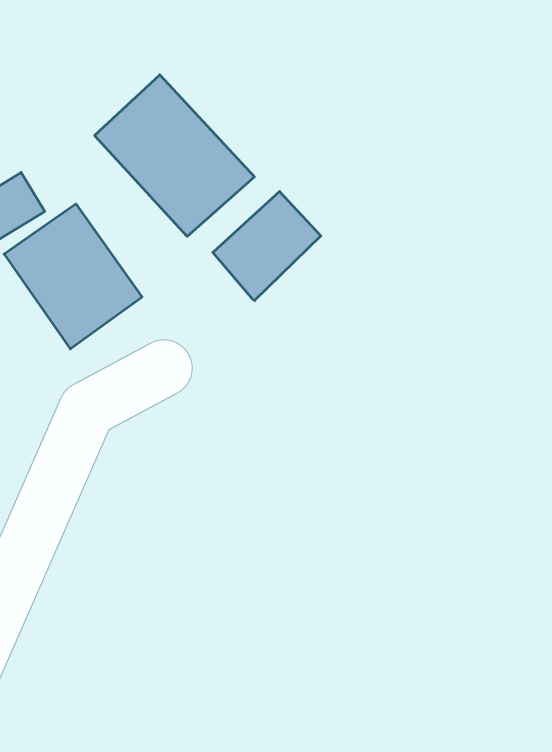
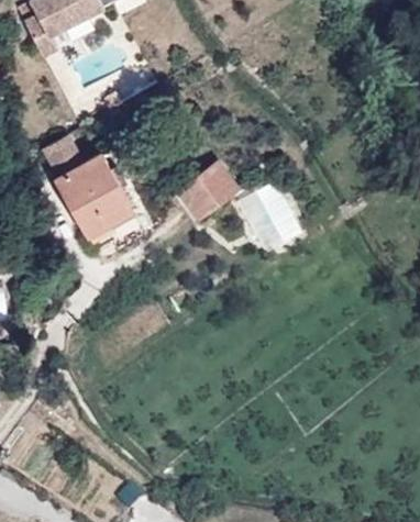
building: [95,75,254,236] -> none

